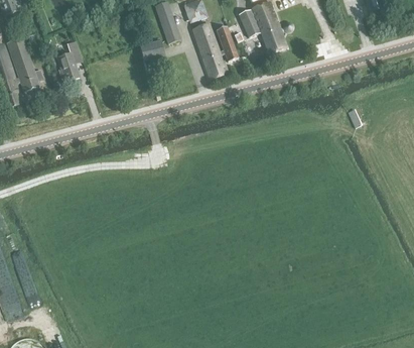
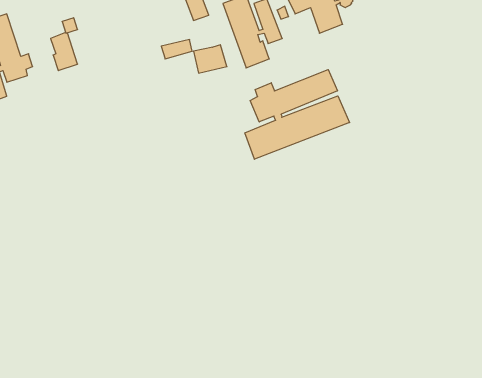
building: [139,39,165,62] -> [193,45,227,73]
building: none -> [245,70,350,159]

